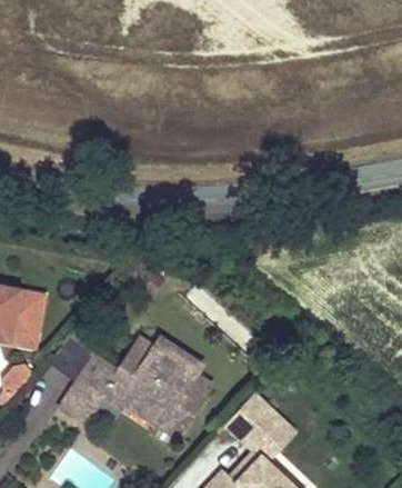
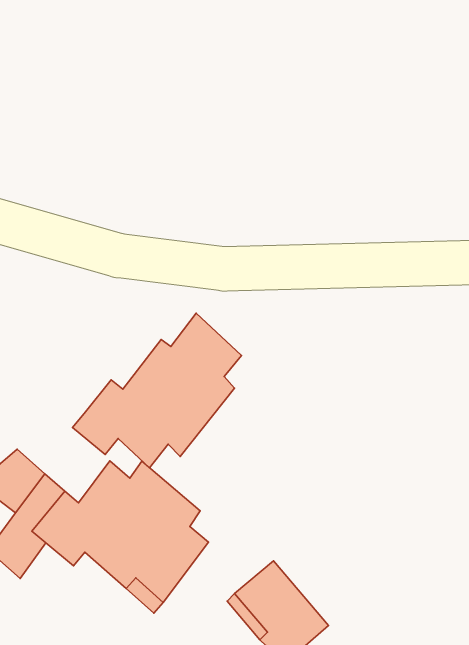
building: none -> [73,313,242,468]

